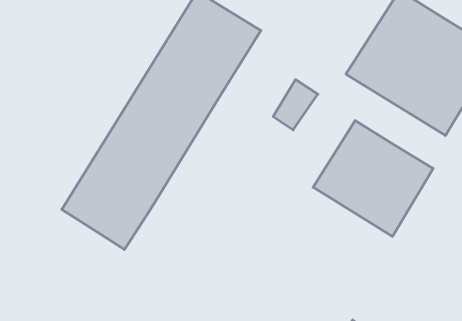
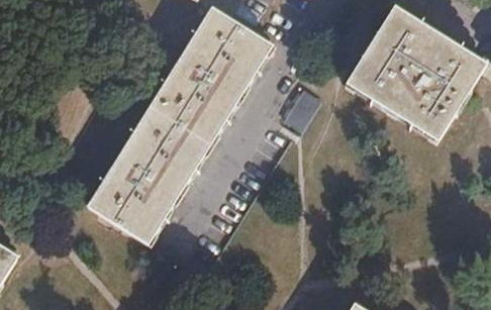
building: [313,121,433,236] -> none

